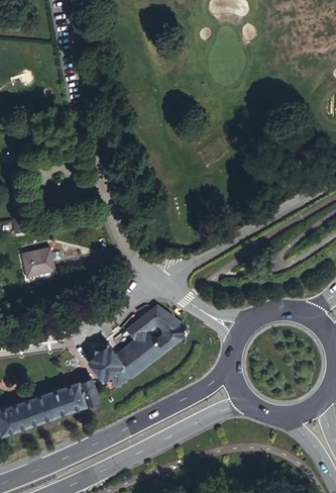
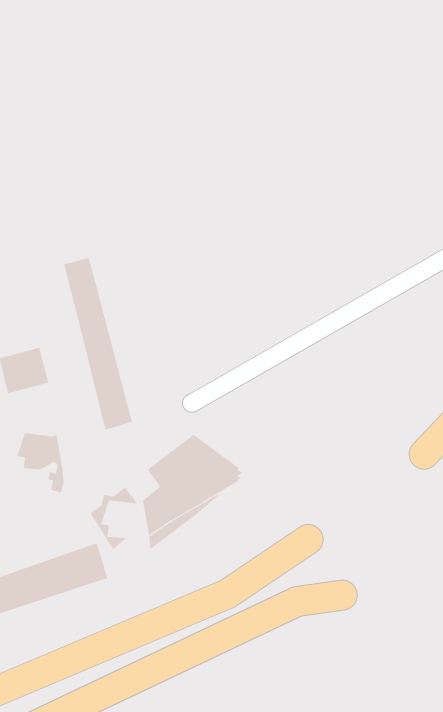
building: none -> [64,257,132,430]
building: [95,350,126,389] -> [17,433,65,493]

